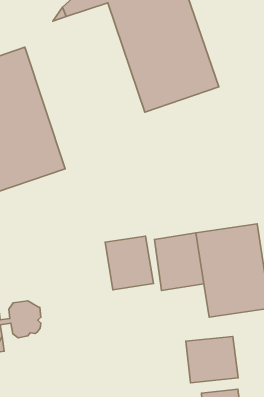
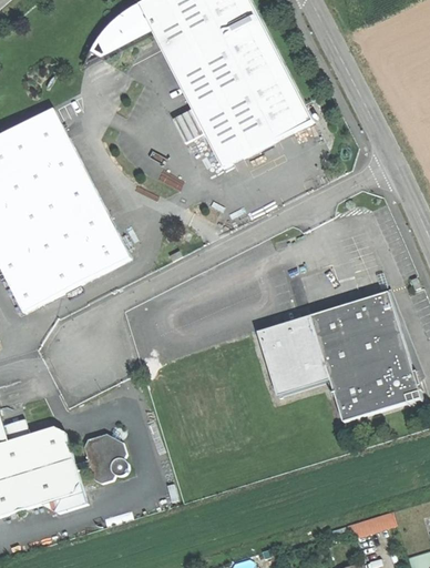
building: [105,236,154,290] -> none
building: [186,337,238,383] -> none

